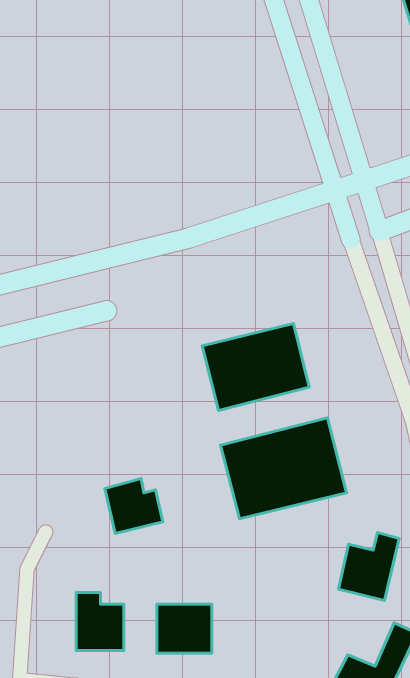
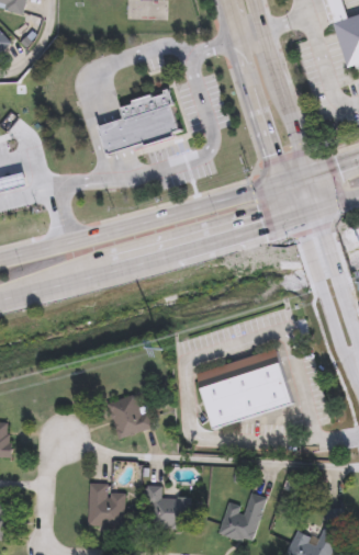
building: none -> [97,91,180,154]
building: [202,324,309,411] -> none
building: [338,533,399,601] -> [218,492,265,544]

